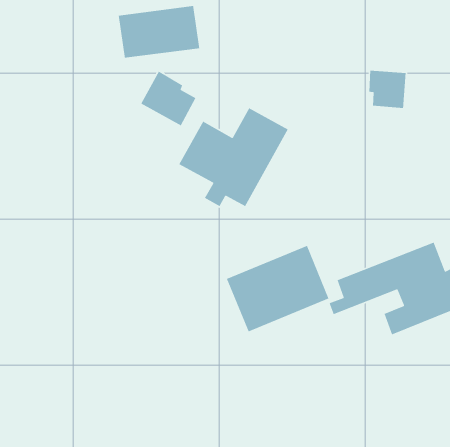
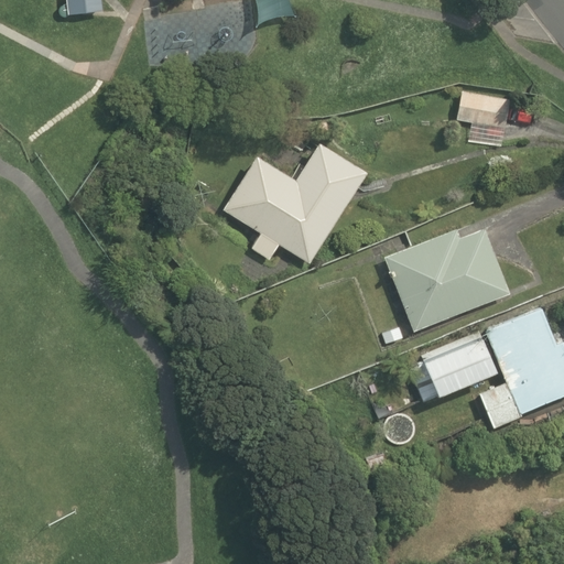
building: [140,71,197,127] -> none
building: [226,245,330,332] -> [384,228,513,337]

